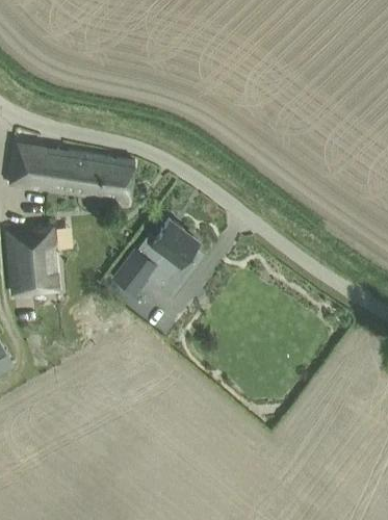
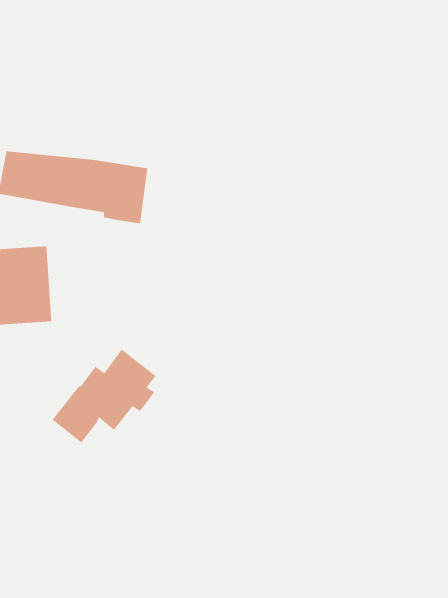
building: [111,219,199,298] -> [52,348,156,443]

